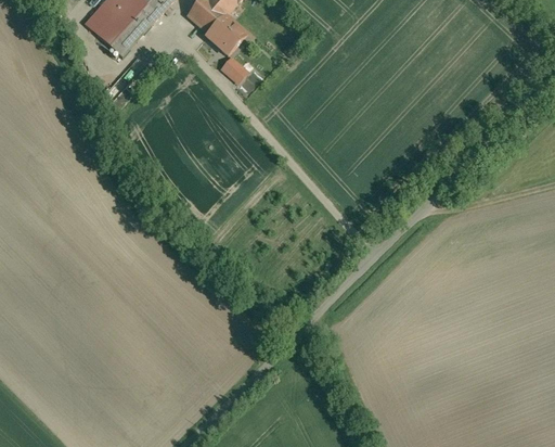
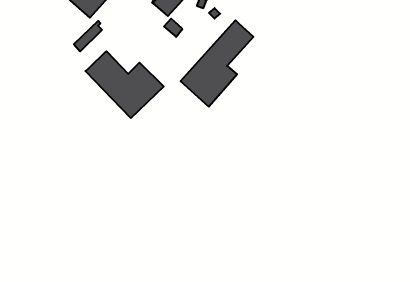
building: none -> [181,20,253,107]
building: none -> [85,51,164,118]

